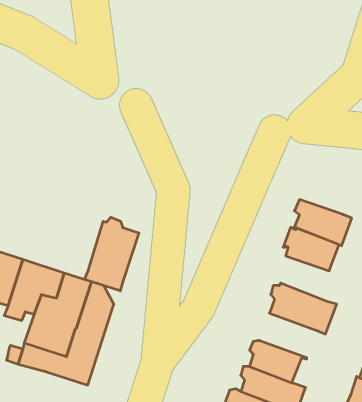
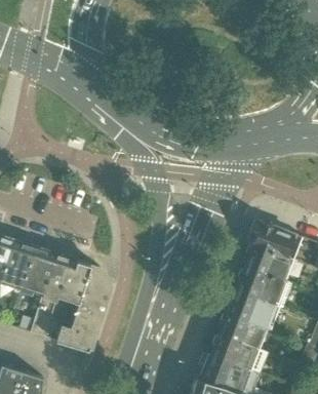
building: [294,200,352,246] -> [246,244,293,282]
building: [85,217,139,291] -> none
building: none -> [227,291,276,328]

